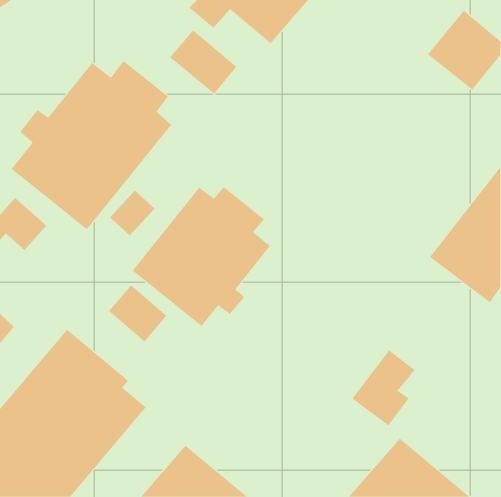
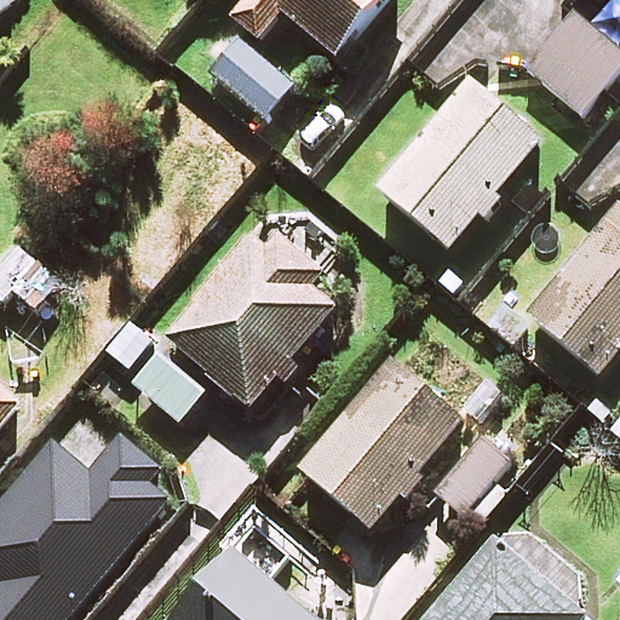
building: [11,60,172,230] -> none
building: none -> [378,79,539,247]
building: none -> [299,357,461,526]

